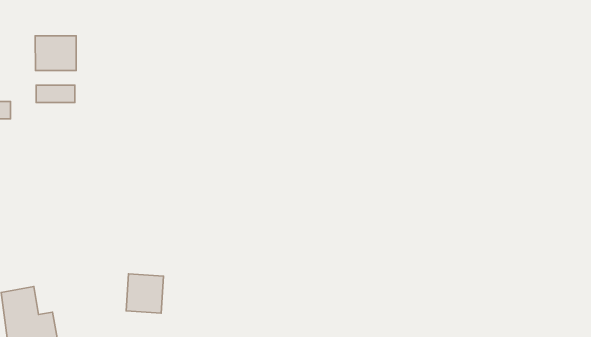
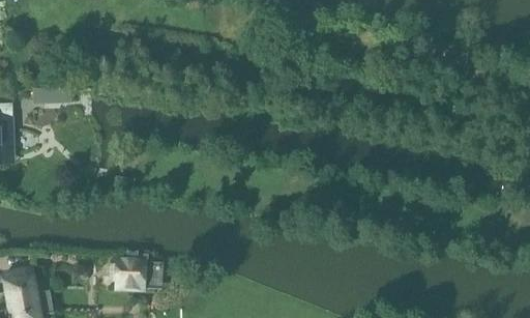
building: [35,36,76,70] -> none

